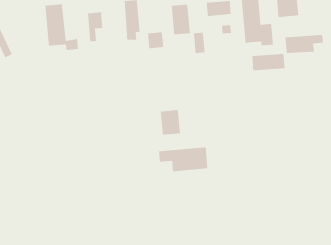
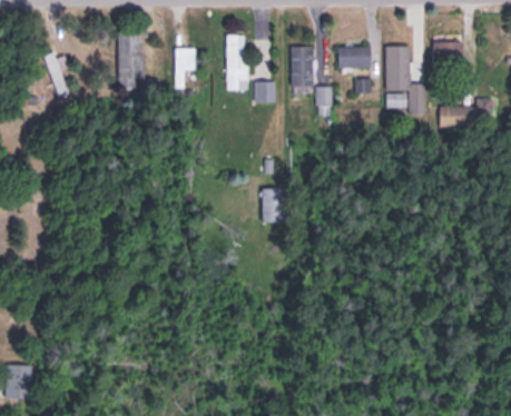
building: [252,53,285,71] -> none
building: [158,147,208,172] -> none

